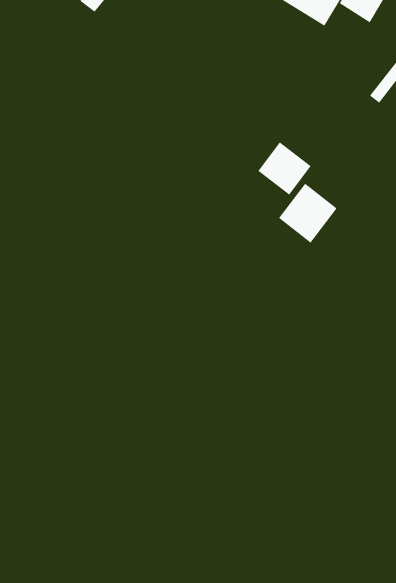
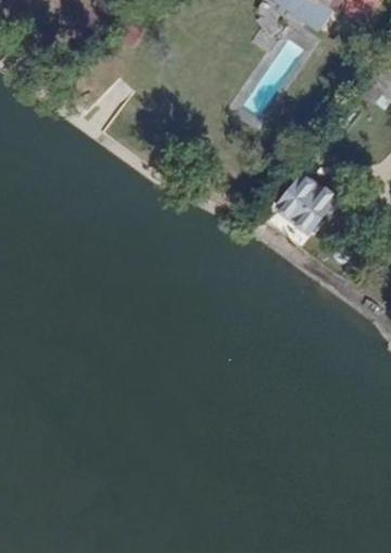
building: [258,142,311,196] -> none

